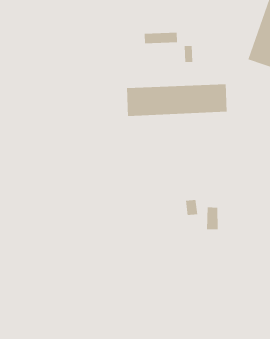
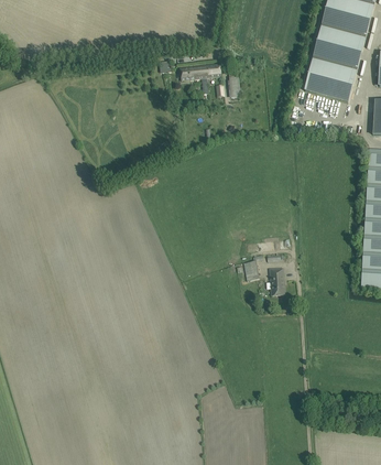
building: [126,83,227,117] -> none

